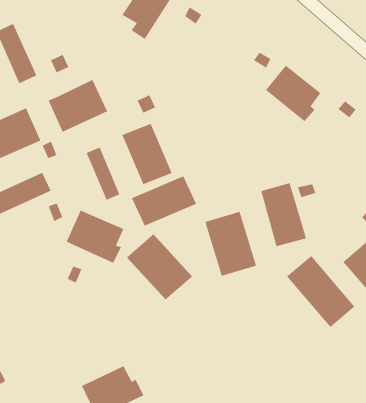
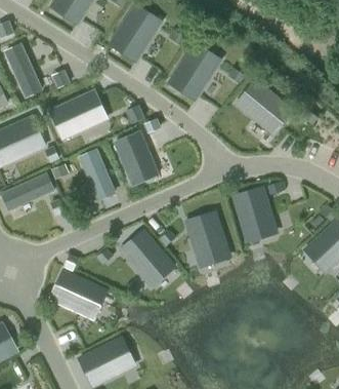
building: none -> [172,44,218,99]
building: [131,176,197,227] -> none
building: [66,210,124,263] -> [52,270,102,316]
building: [286,255,355,328] -> none

